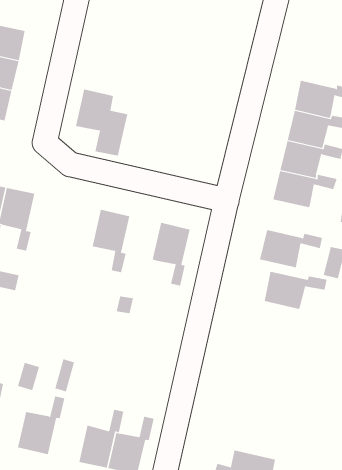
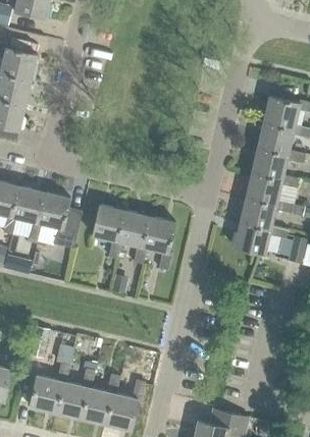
building: [75,89,128,156] -> [37,192,82,249]
building: none -> [117,211,150,265]
building: [264,271,328,310] -> [240,197,294,229]
building: none -> [55,369,95,419]

